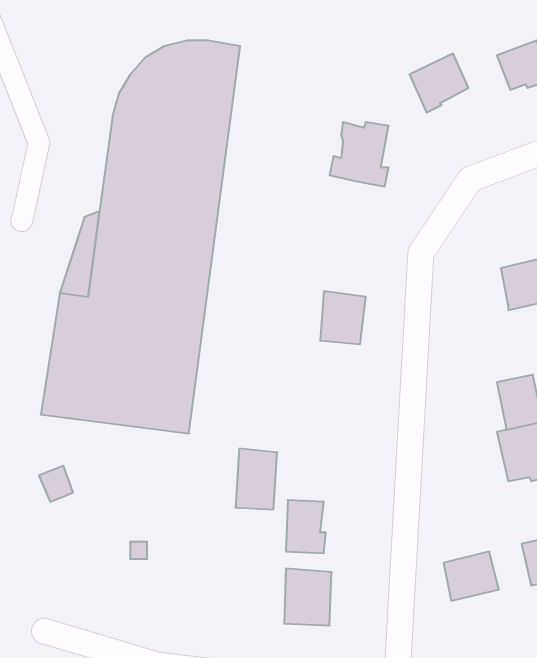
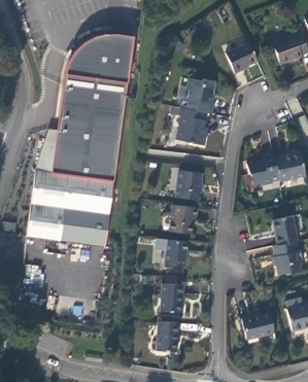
building: none -> [177,107,207,144]
building: none -> [248,149,279,183]
building: none -> [170,204,198,233]
building: [235,449,277,509] -> [160,238,182,271]

